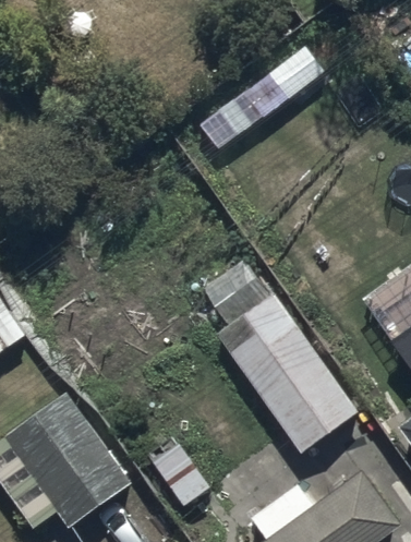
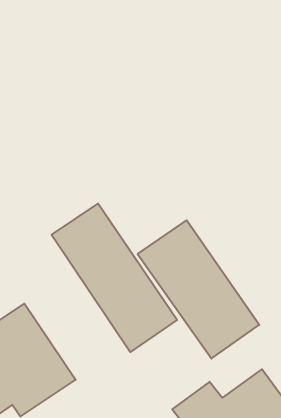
building: none -> [52,204,177,352]

